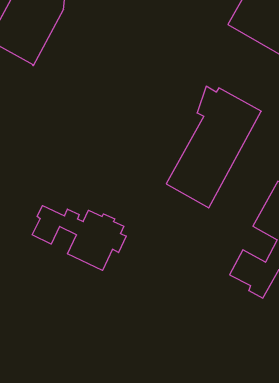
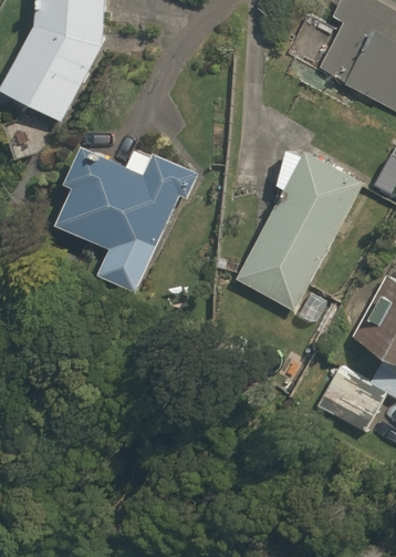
building: none -> [58,146,198,292]
building: [32,206,126,270] -> none

